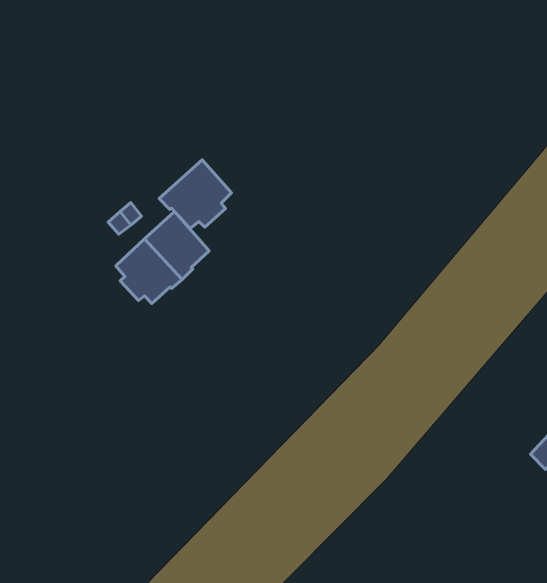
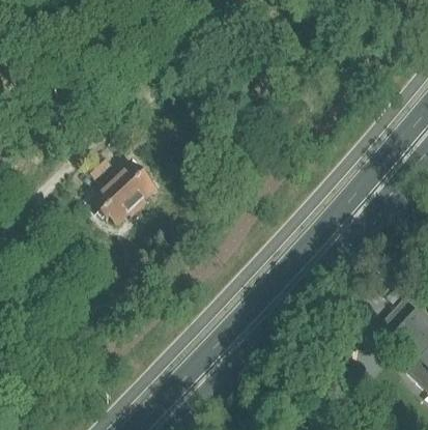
building: [159,160,231,229] -> none

